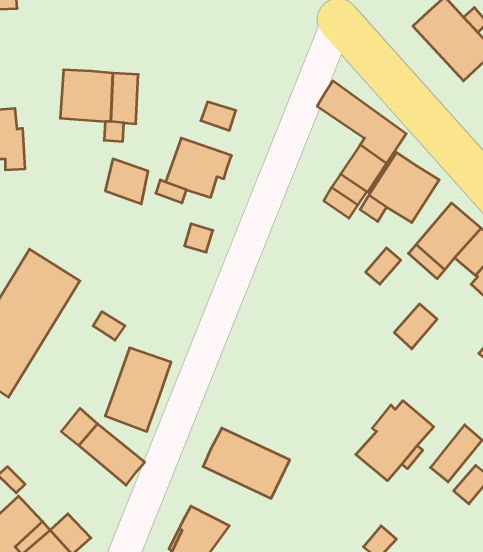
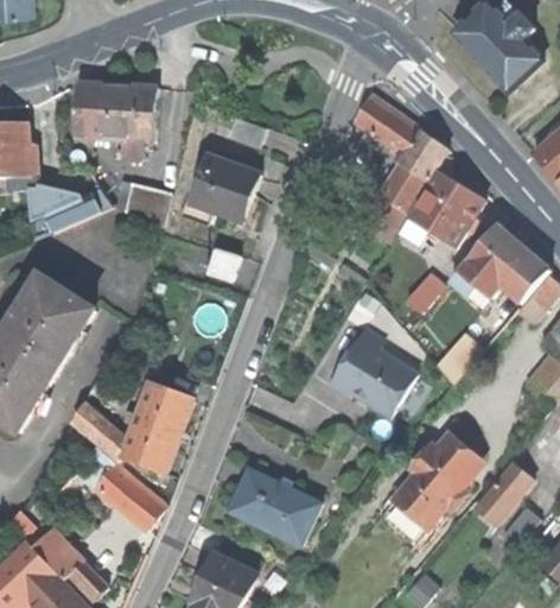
building: none -> [38,191,100,230]
building: none -> [329,328,416,417]
building: none -> [71,401,129,461]
building: none -> [33,527,83,578]

